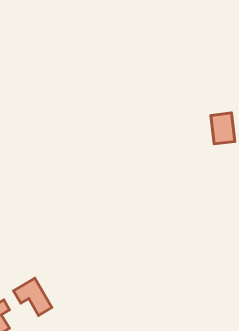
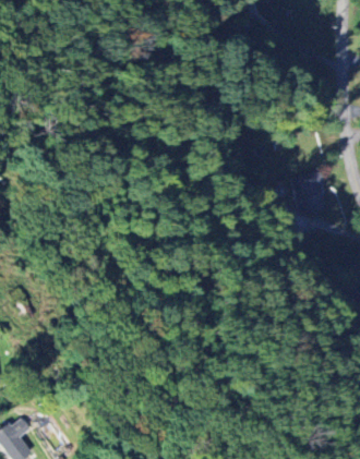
building: [13,278,52,315] -> none

